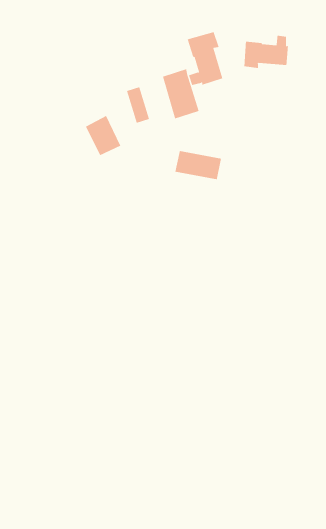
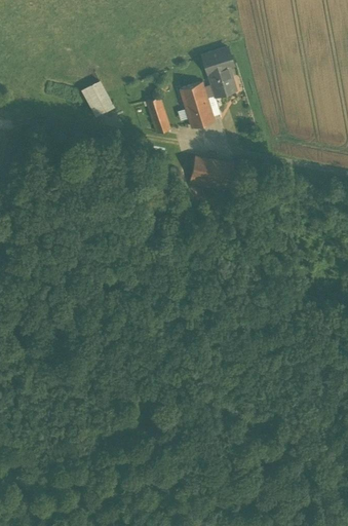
building: [244,35,289,69] -> none
building: [85,115,121,156] -> [82,80,115,117]

